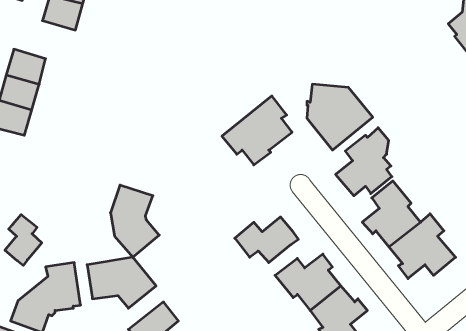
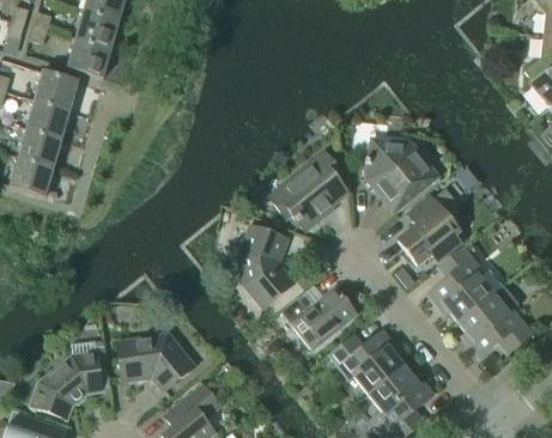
building: none -> [35,69,79,109]
building: [110,185,159,257] -> [239,225,295,306]
building: [5,215,42,265] -> none

